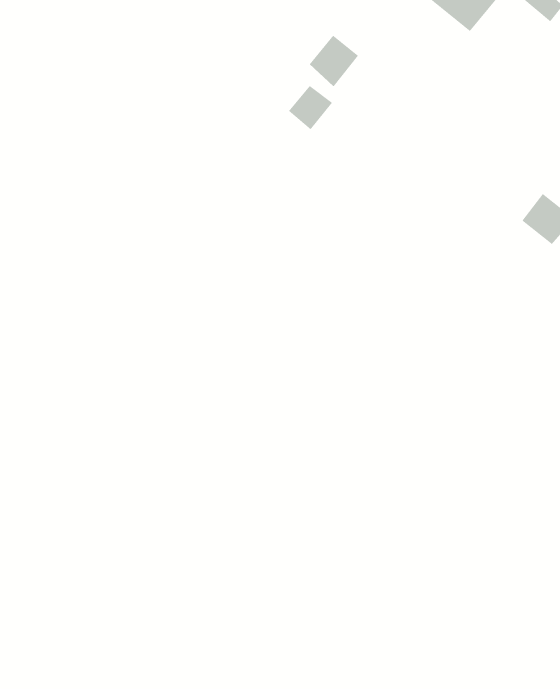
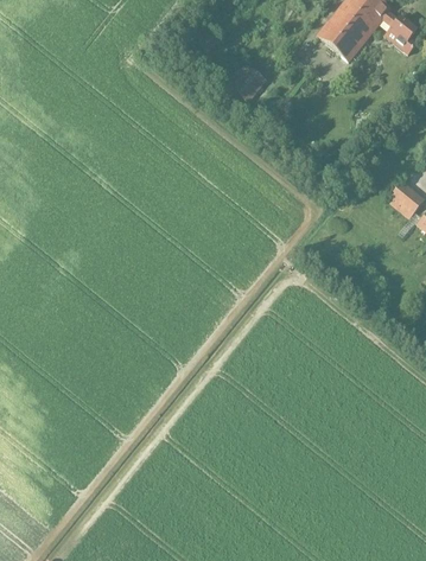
building: [288,85,333,130] -> none

